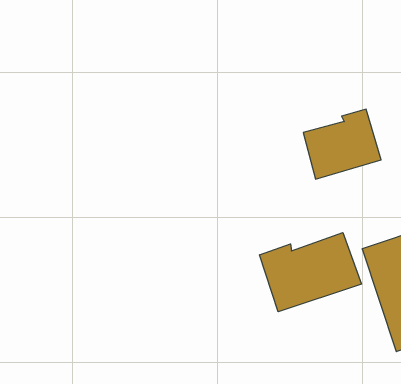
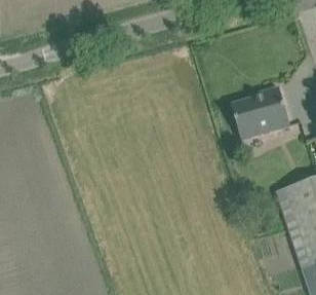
building: [260,233,362,312] -> none

